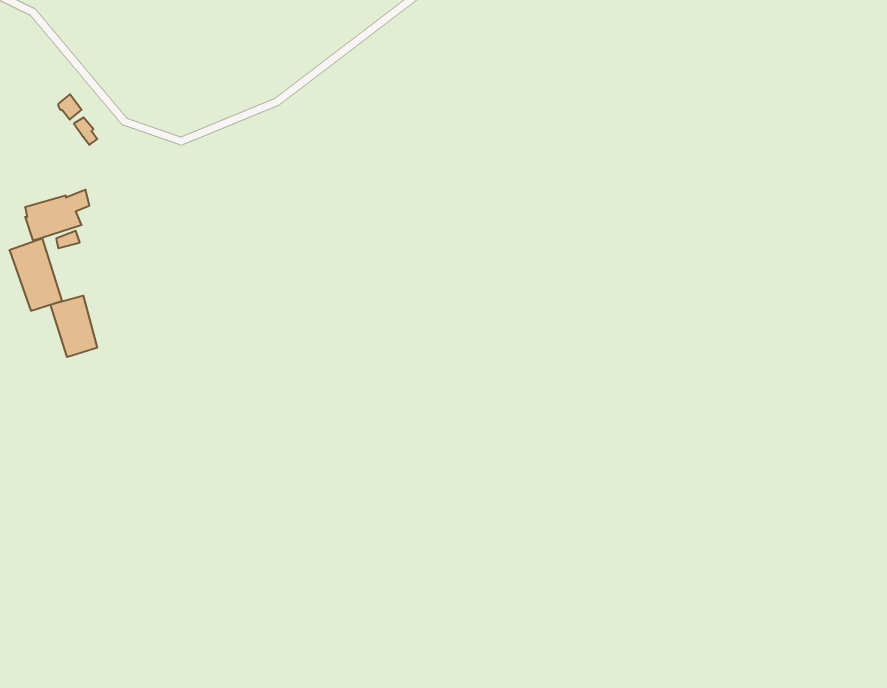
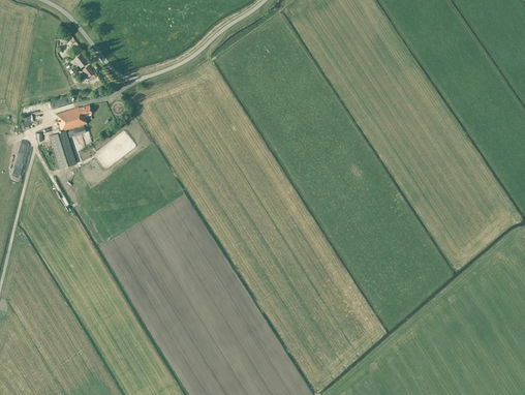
building: [51,296,97,357] -> none

